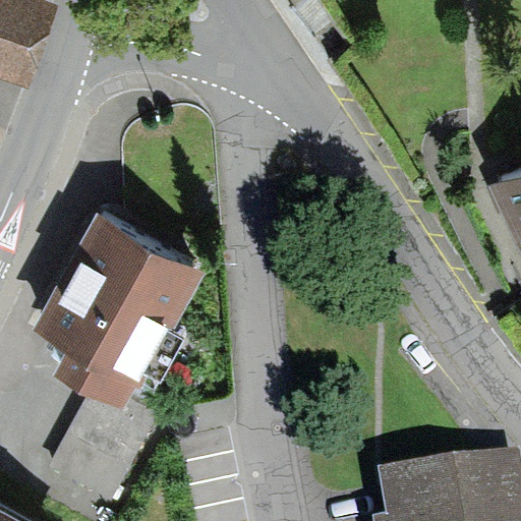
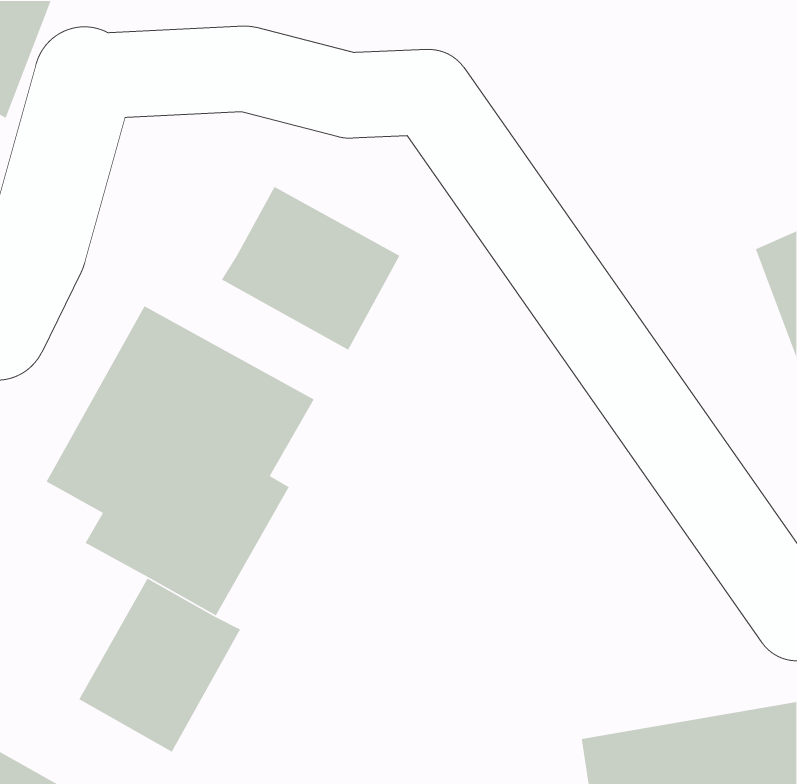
building: none -> [221,186,401,351]

